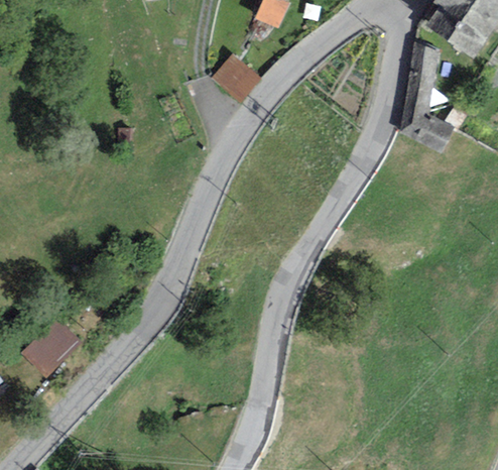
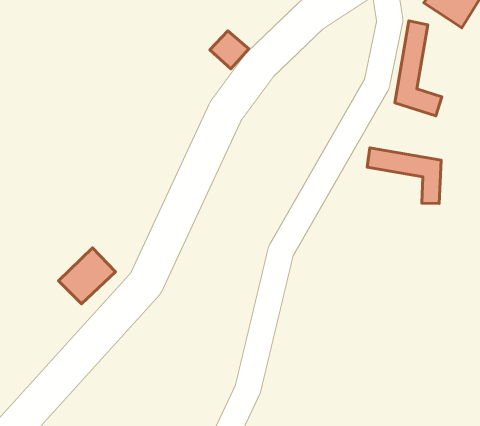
building: none -> [367,148,441,203]
building: [19,320,77,376] -> [58,248,115,304]

